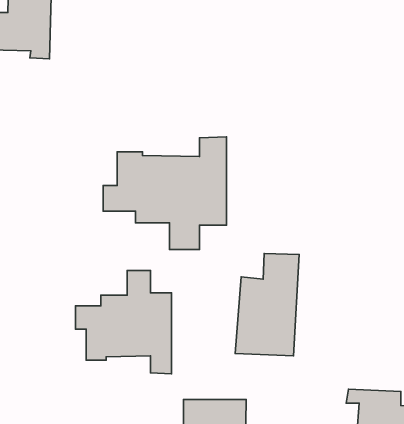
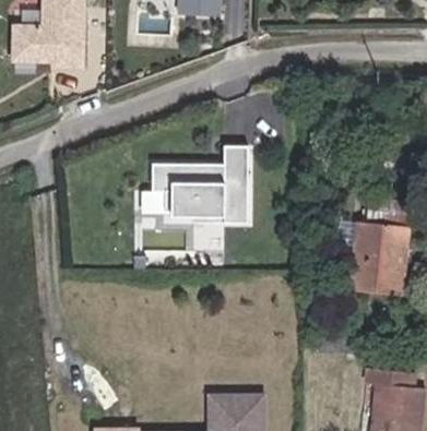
building: [235,253,299,356] -> [344,201,404,297]
building: [75,271,171,374] -> none

